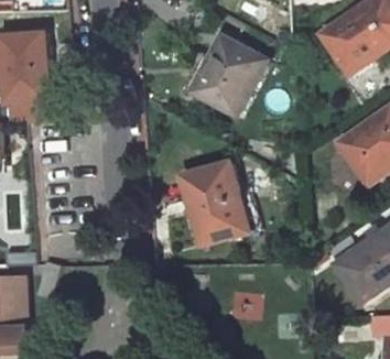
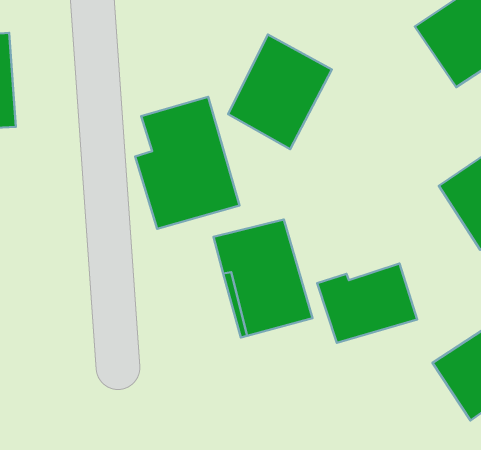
building: none -> [135,97,240,229]
building: none -> [317,263,417,343]

